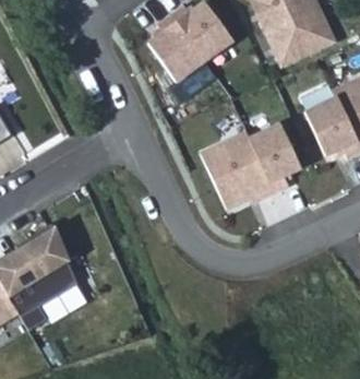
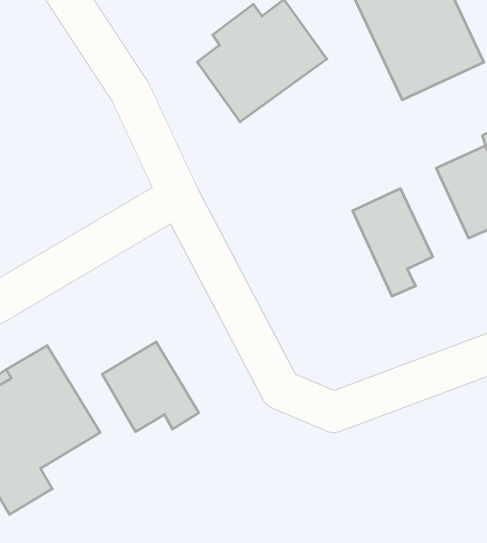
building: [200,130,274,208] -> none
building: none -> [102,342,199,432]

